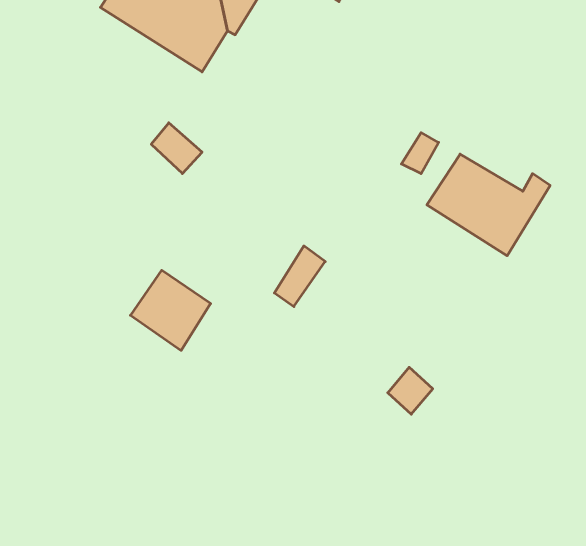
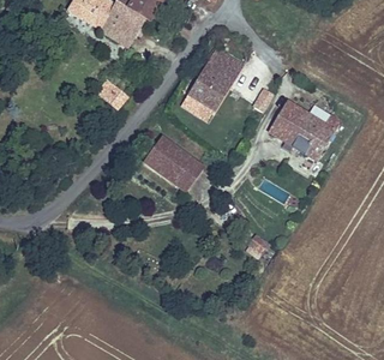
building: none -> [185,44,245,110]
building: [130,270,211,350] -> [142,134,191,184]

